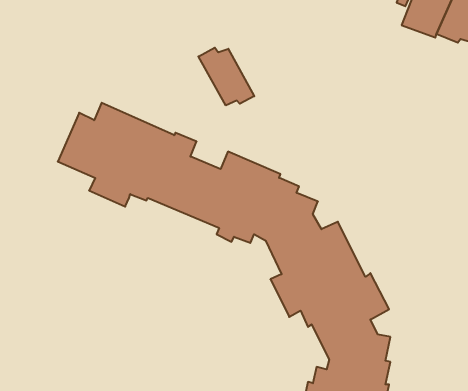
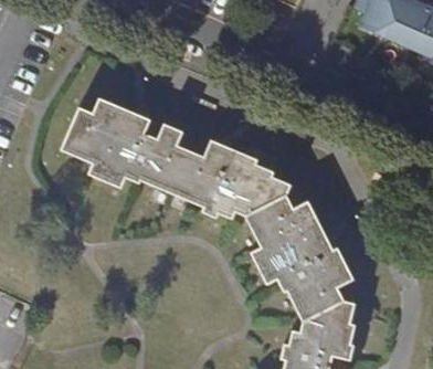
building: [198,48,254,105] -> none

